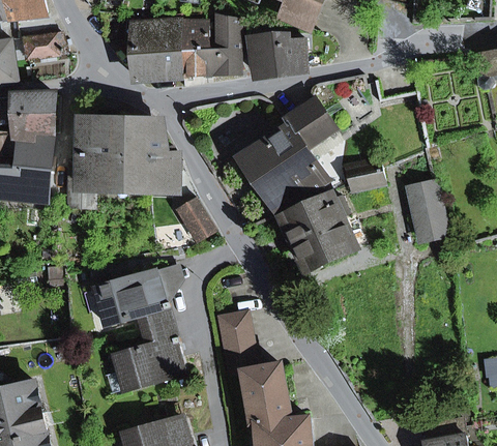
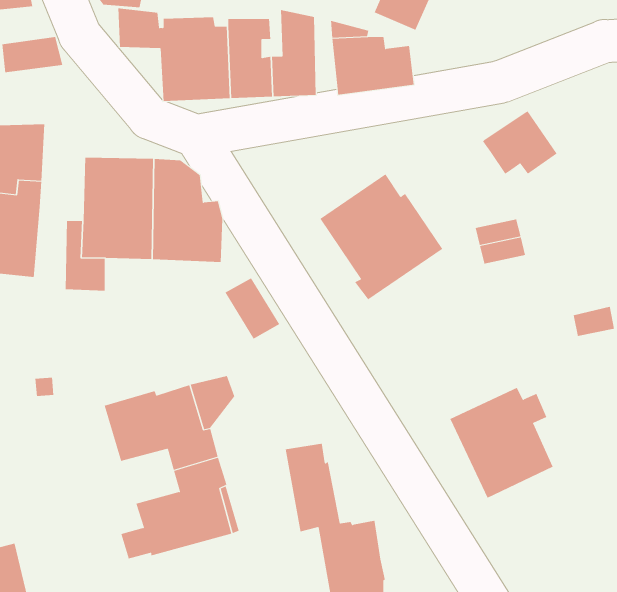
building: [283,98,334,143] -> [482,110,558,175]
building: [408,183,442,225] -> none
building: [281,191,352,268] -> [449,387,553,499]

